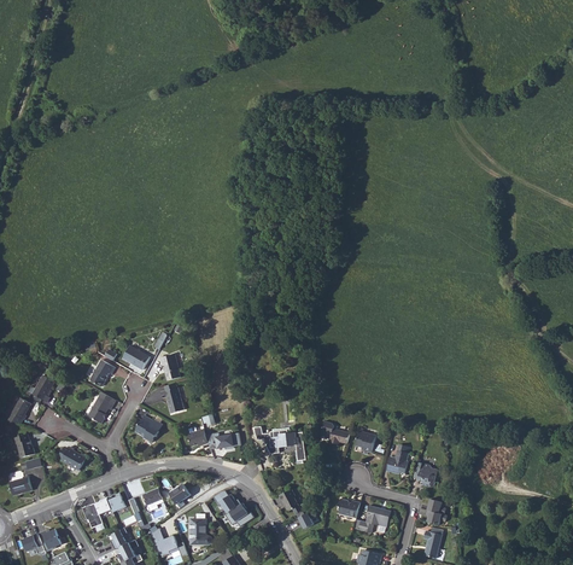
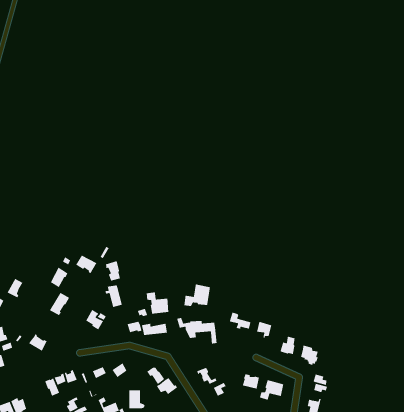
building: none -> [184,283,211,307]
building: none -> [146,291,169,315]

